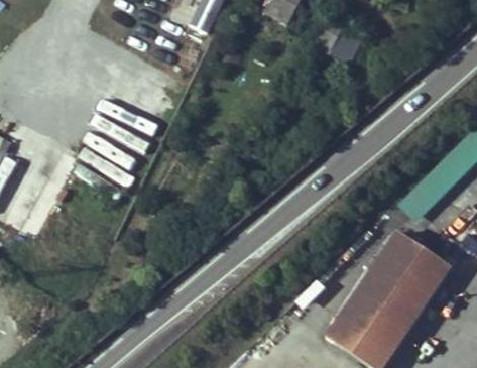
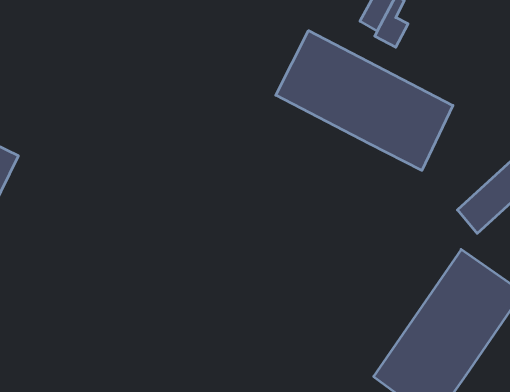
building: none -> [276,31,453,170]

